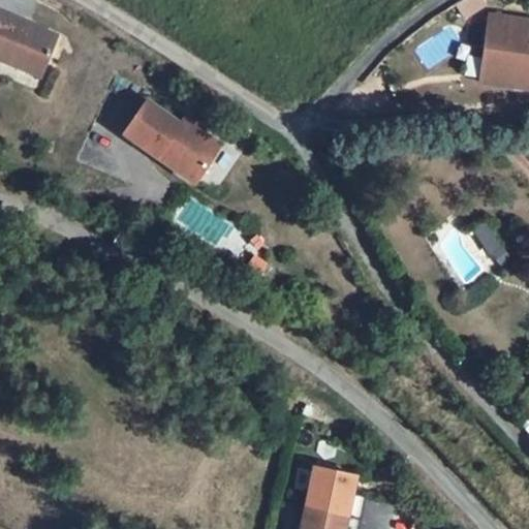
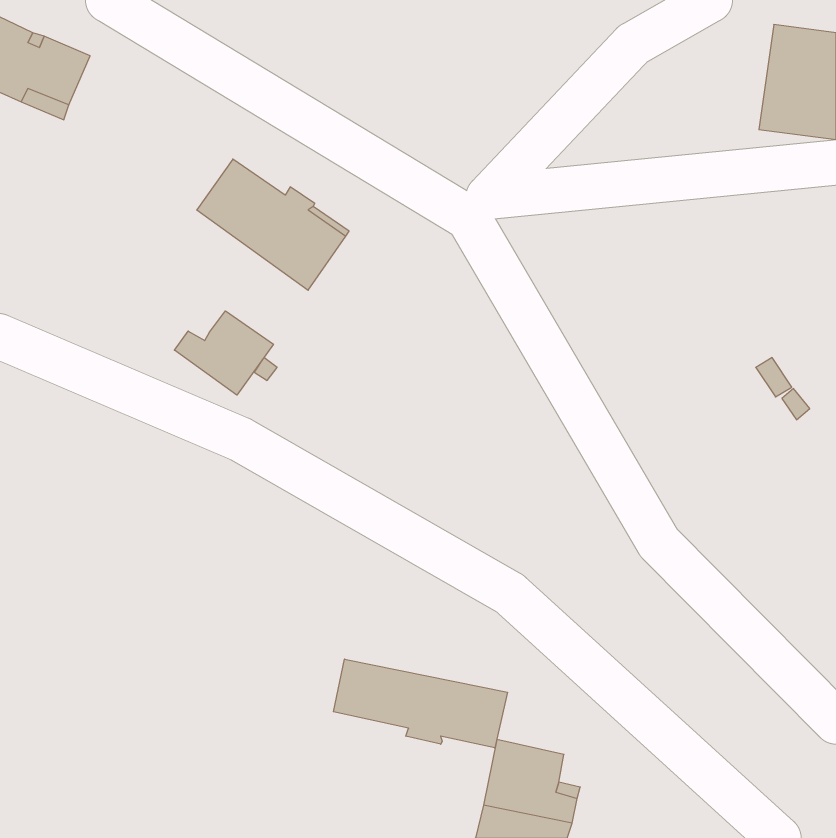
building: none -> [174,311,273,395]
building: none -> [333,659,507,748]

